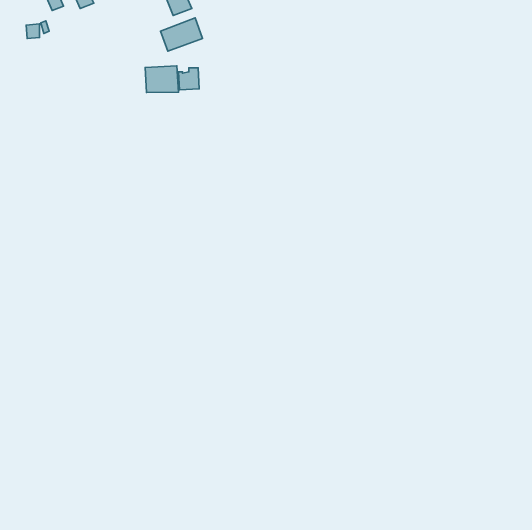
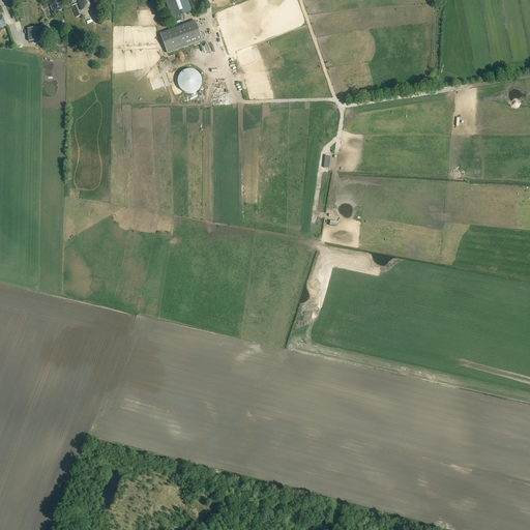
building: [145,66,178,93] -> none

